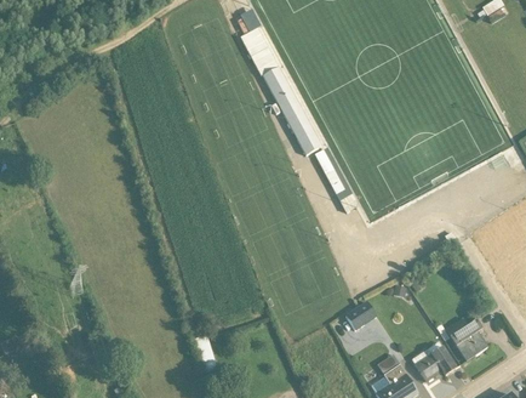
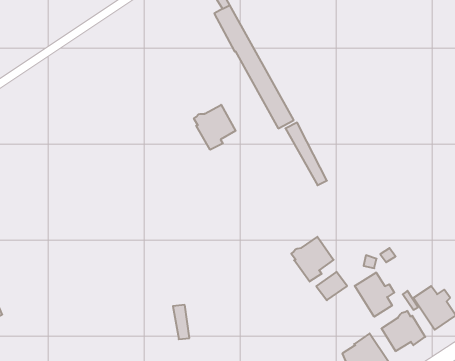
building: none -> [194,105,236,150]
building: none -> [291,237,334,282]
building: none -> [355,272,394,317]

